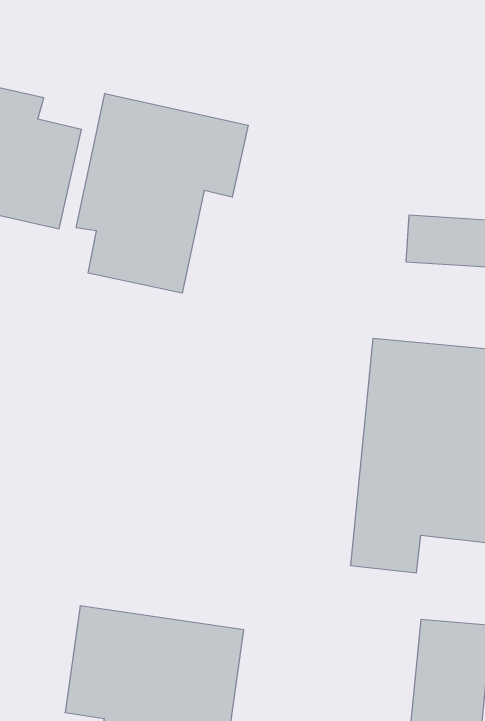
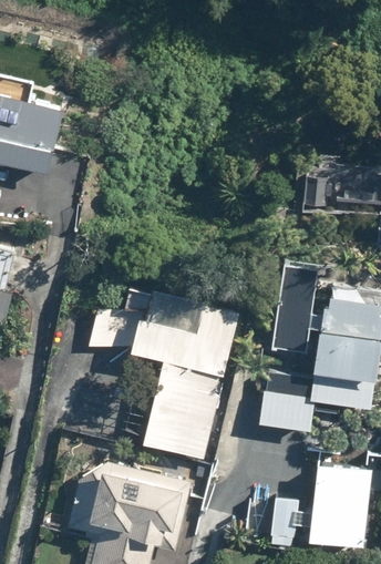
building: [76,93,248,293] -> none
building: none -> [91,281,241,464]

